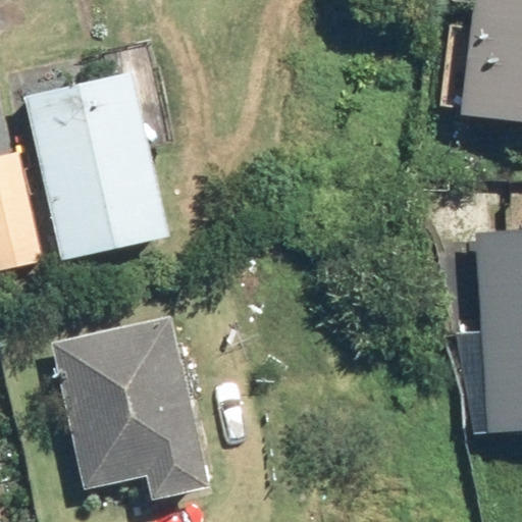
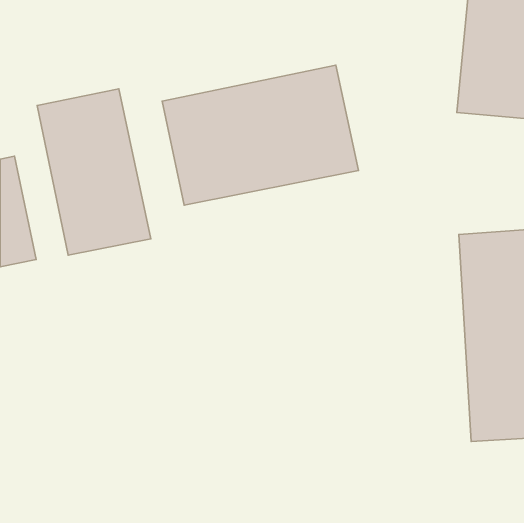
building: none -> [162,65,358,205]
building: [60,322,201,493] -> none

